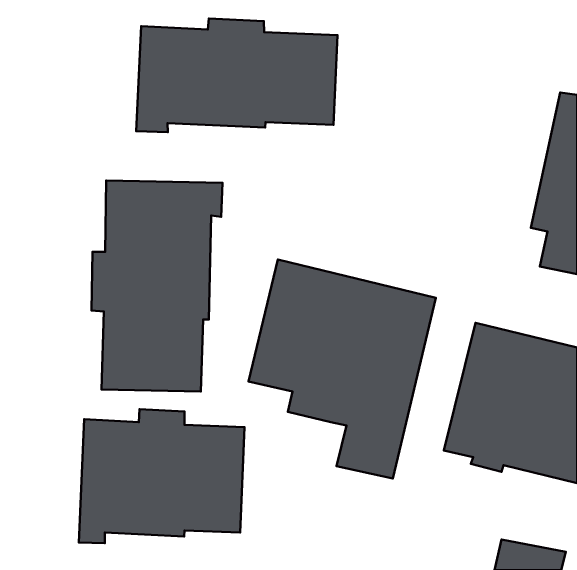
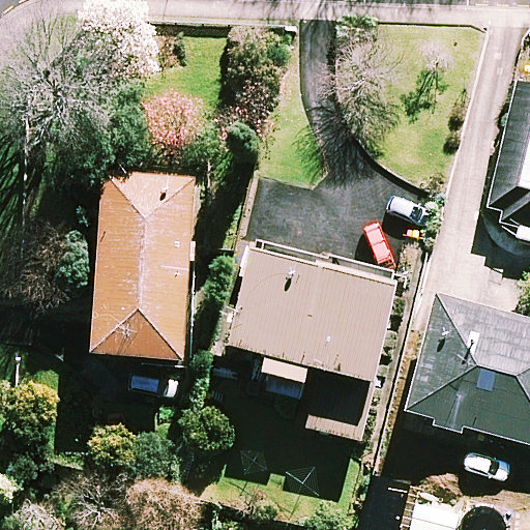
building: [136,18,338,132] -> none
building: [79,409,244,543] -> none

